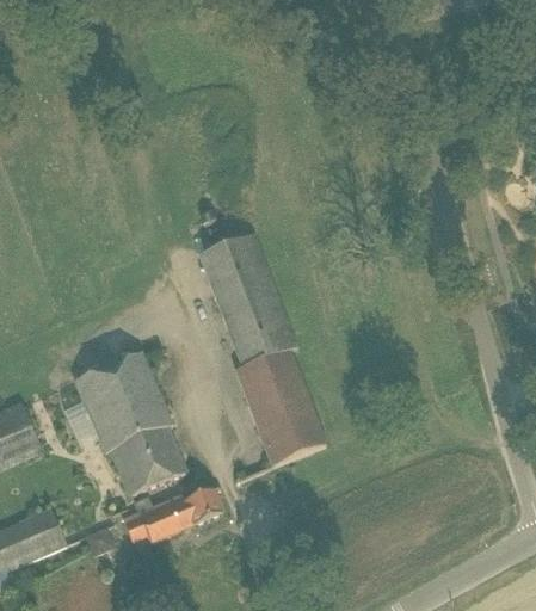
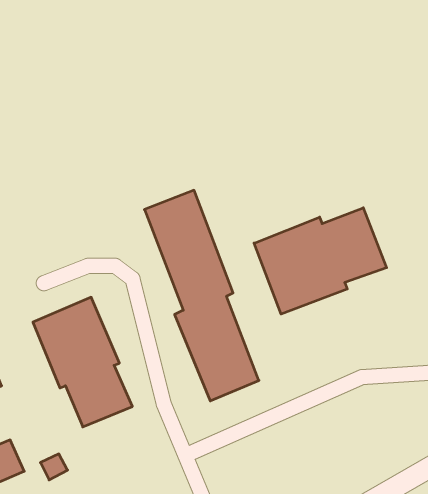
building: none -> [254,208,387,314]
building: [123,488,223,539] -> none

